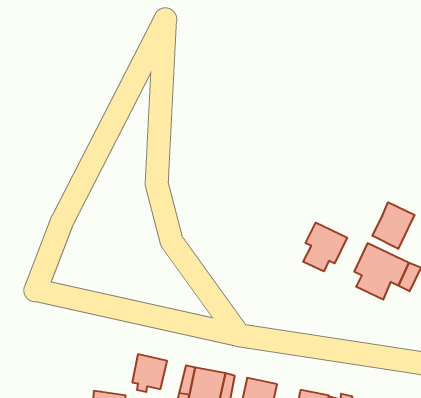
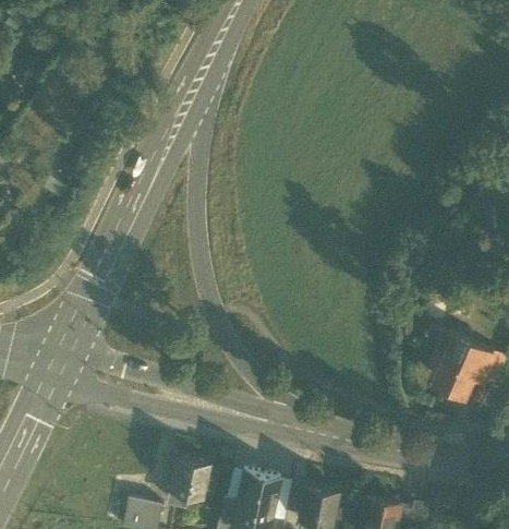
building: [372,202,414,249] -> none
building: [303,223,347,271] -> none

